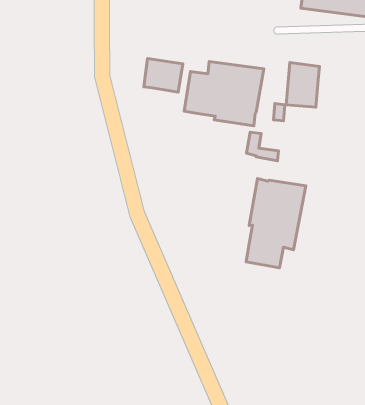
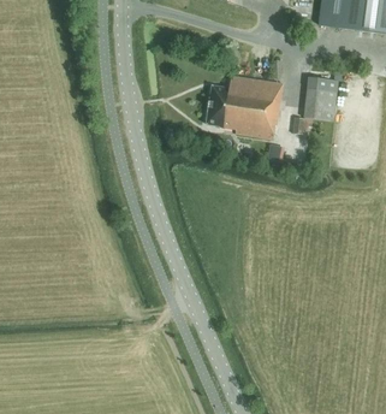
building: [144,58,183,92] -> none
building: [246,178,306,268] -> none

